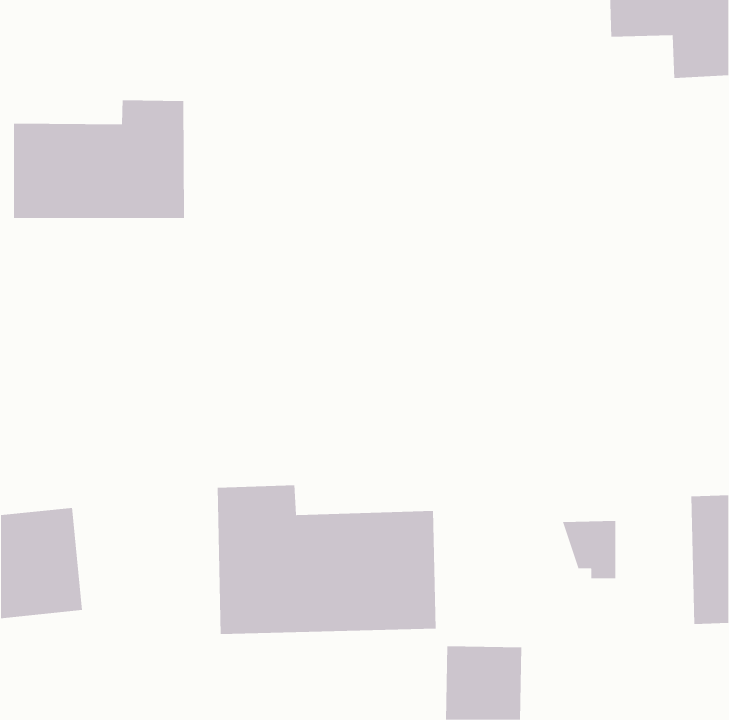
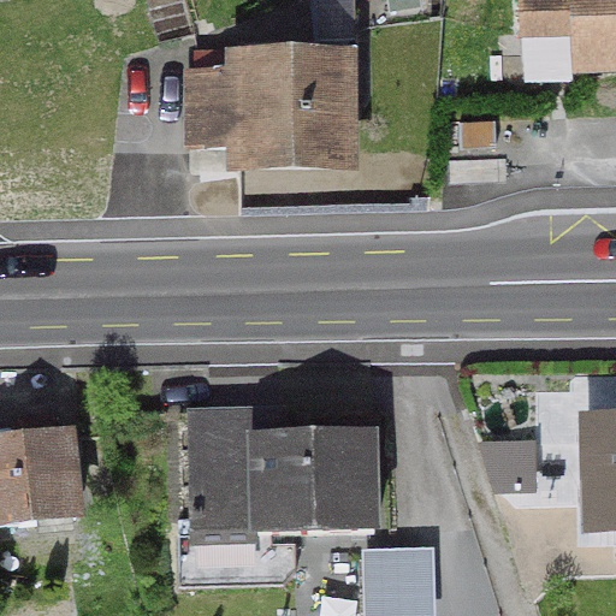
building: none -> [184,51,339,162]
building: [14,100,184,219] -> none

